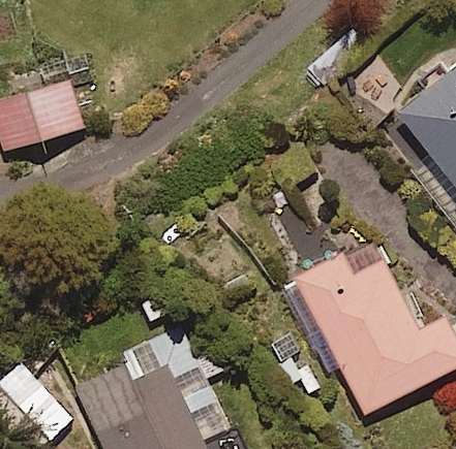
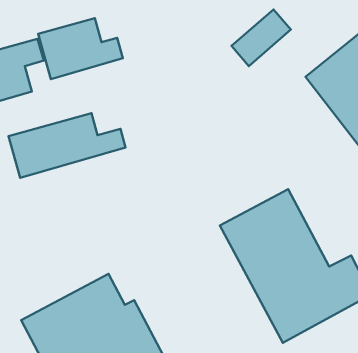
building: none -> [38,18,123,79]
building: none -> [9,113,126,178]

